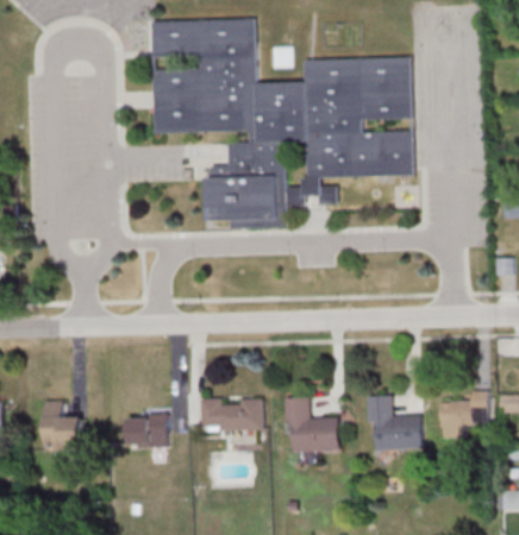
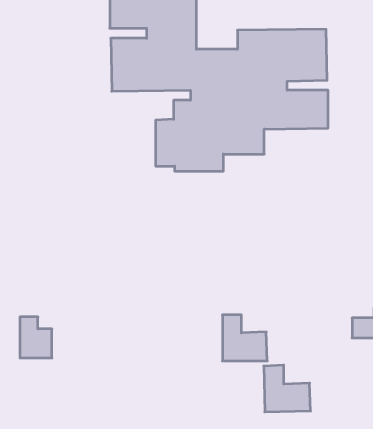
building: [368,395,424,451] -> [264,365,311,412]
building: [200,399,264,432] -> none
building: [127,414,168,447] -> none

